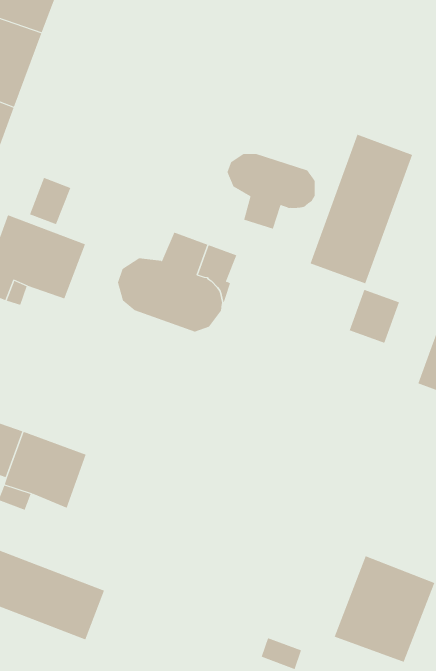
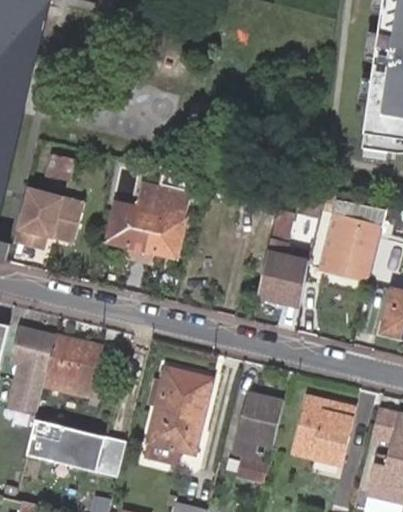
building: [310,134,413,284] -> none
building: [227,153,315,229] -> none
building: none -> [254,249,303,305]
building: none -> [146,370,210,463]
building: none -> [235,392,282,458]

